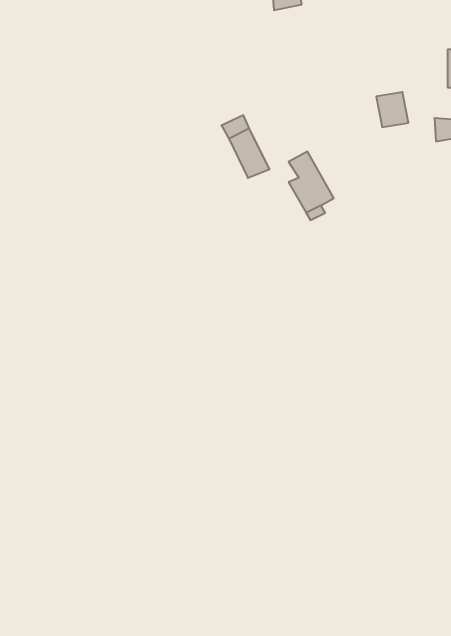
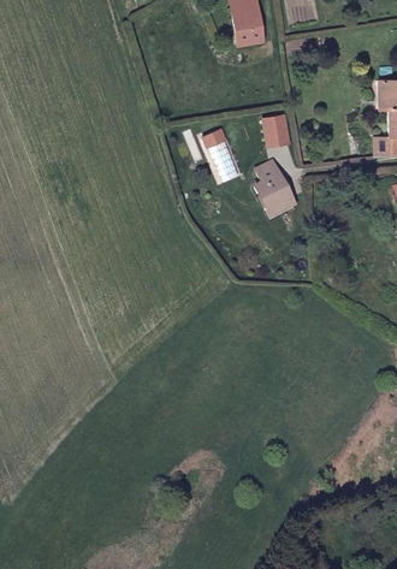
building: [376,92,408,127] -> [263,115,290,144]

